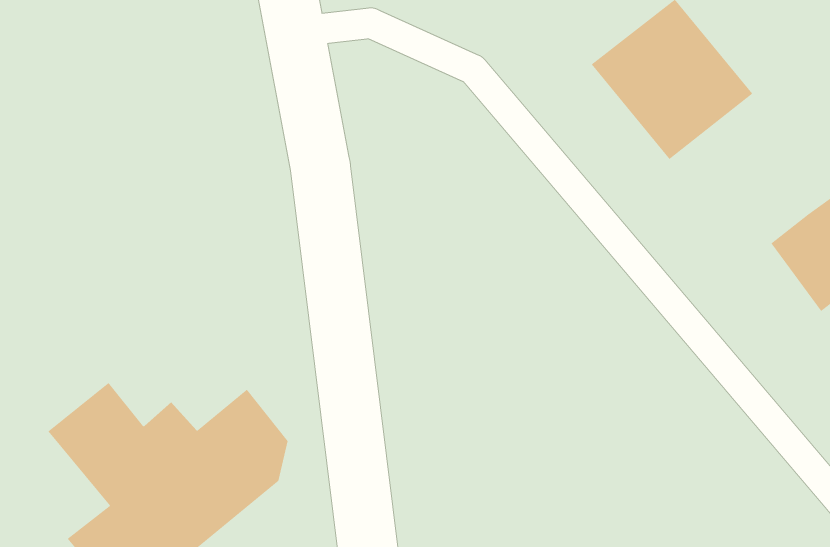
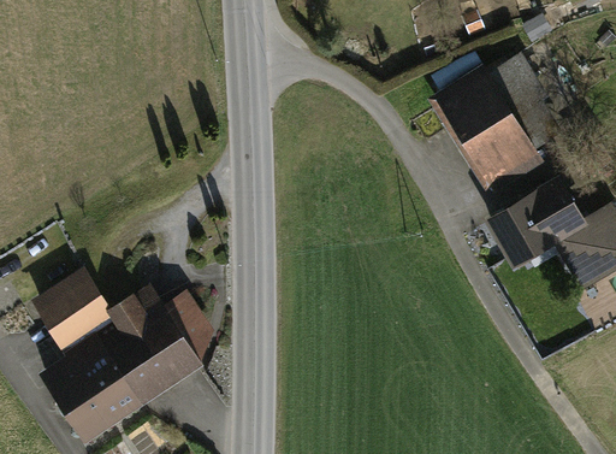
building: none -> [492,183,581,259]

